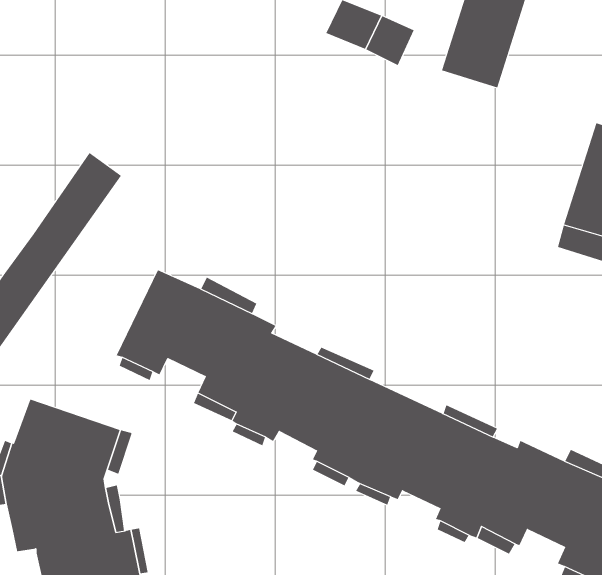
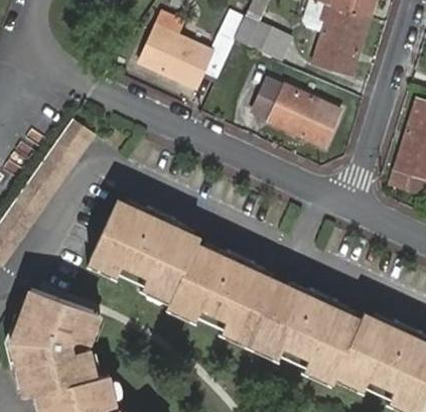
building: none -> [139,26,229,81]
building: none -> [253,80,340,147]

